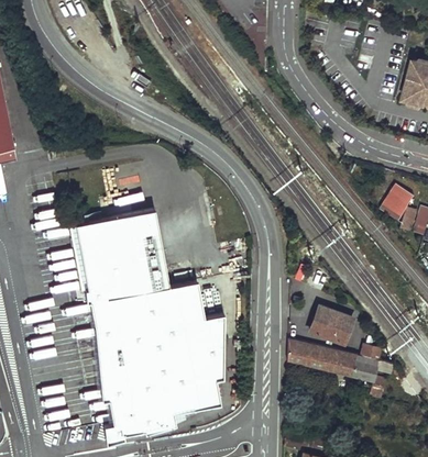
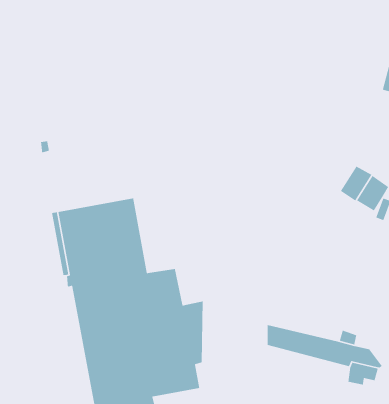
building: none -> [340,166,372,202]
building: [310,306,352,345] -> none

